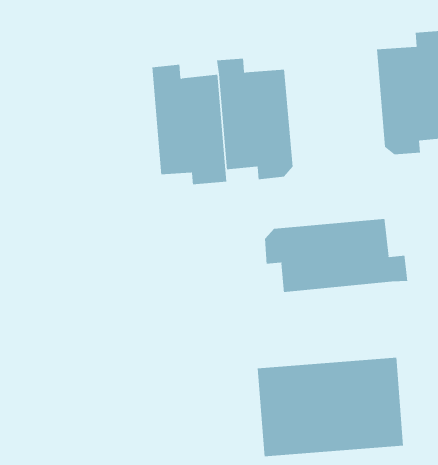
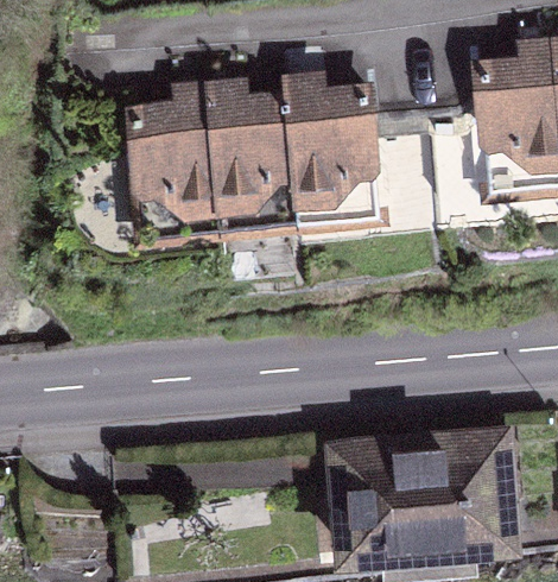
building: none -> [133,84,222,233]
building: [264,218,408,293] -> none

